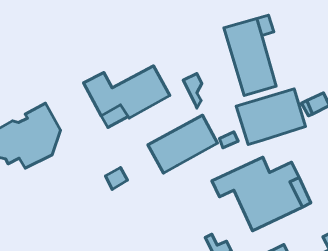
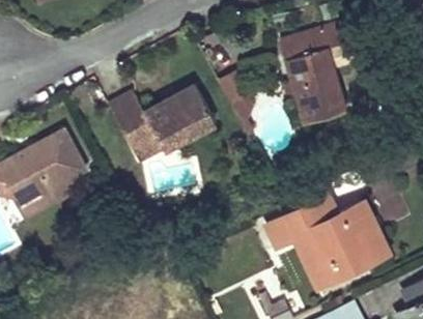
building: [236,89,306,145] -> none
building: [148,115,218,173] -> none

